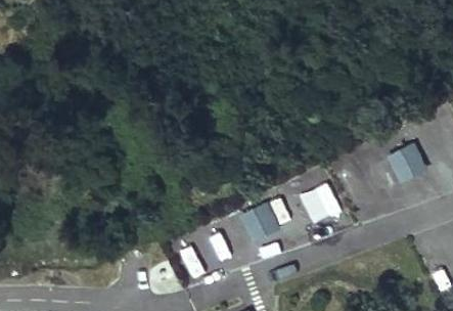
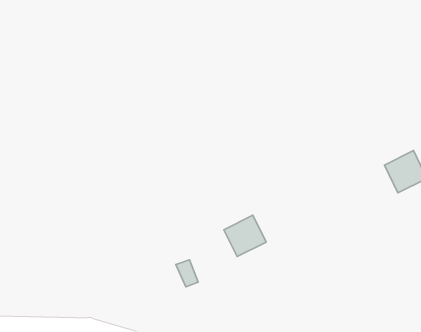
building: [305,184,343,222] -> none

